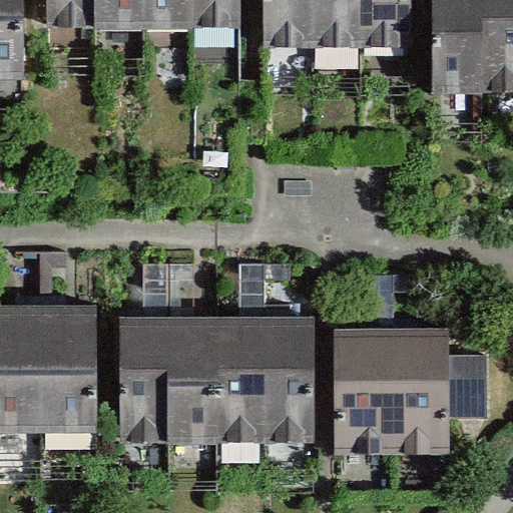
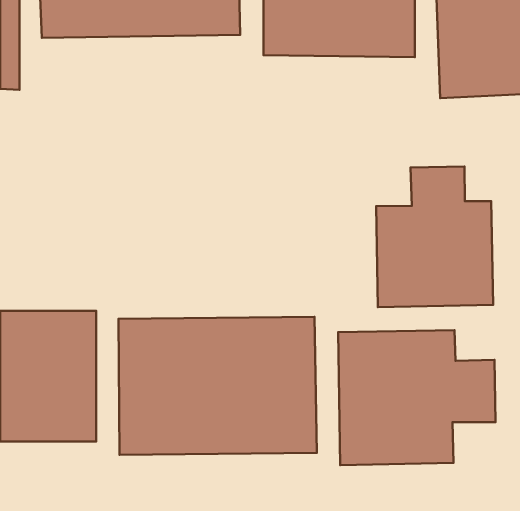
building: none -> [376,167,493,307]

